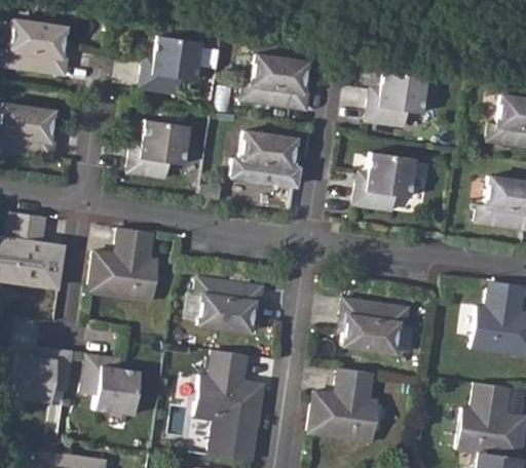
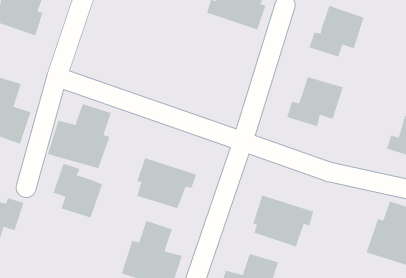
building: [129,122,189,177] -> none
building: [232,130,300,185] -> none
building: [82,355,139,414] -> [53,163,103,218]

